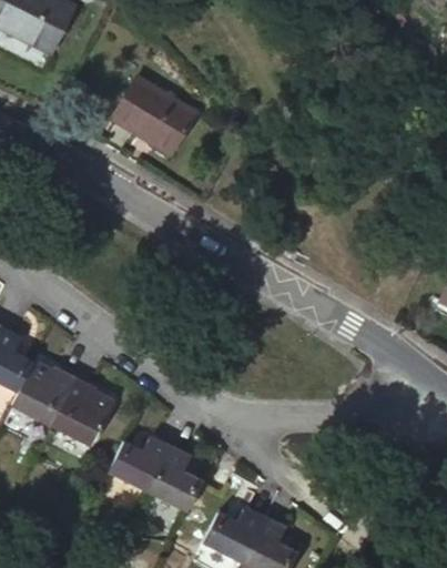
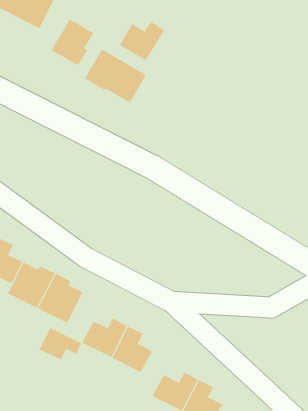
building: none -> [51,18,94,66]
building: none -> [119,21,165,61]
building: none -> [39,327,82,360]

